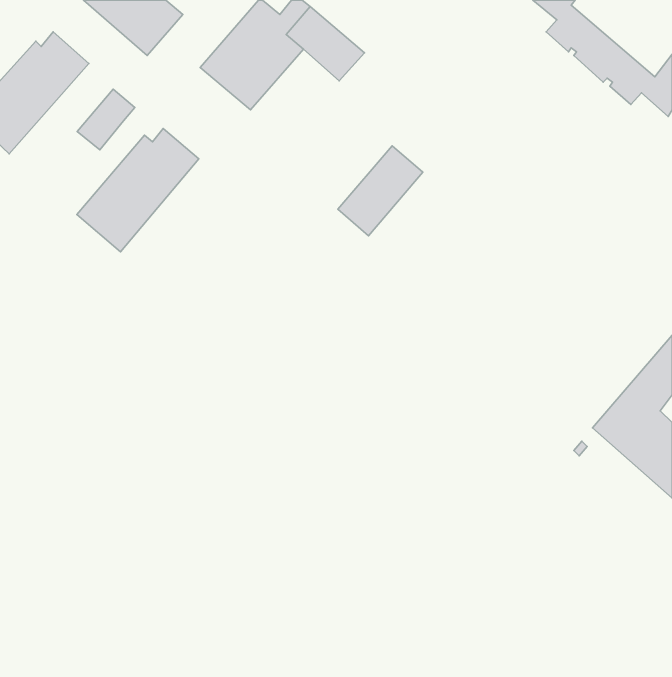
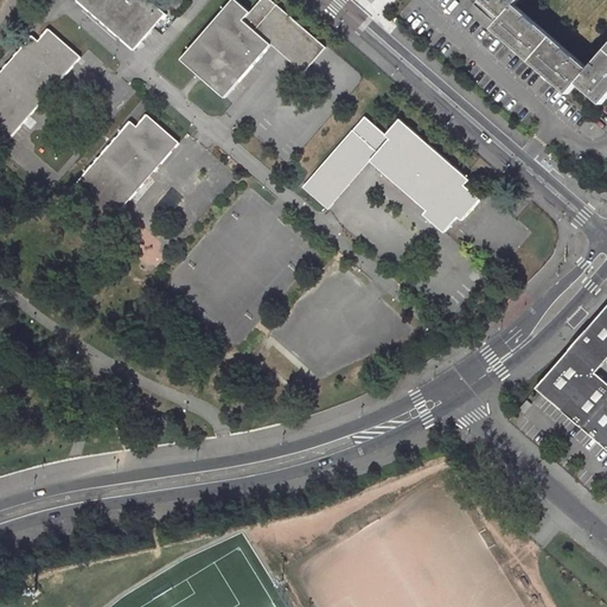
building: [77,89,135,150] -> none
building: none -> [351,116,483,234]

